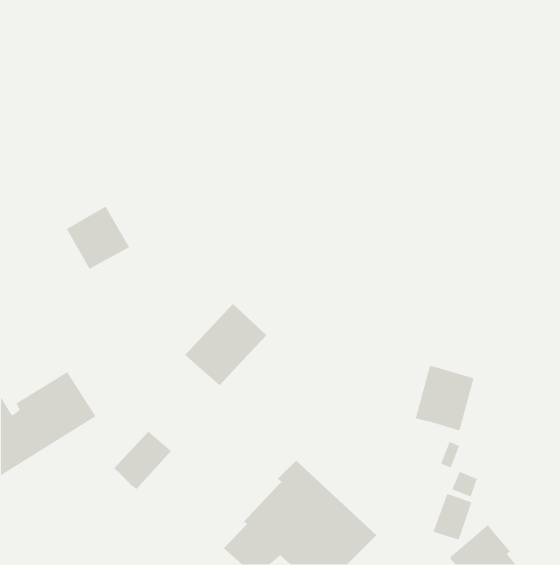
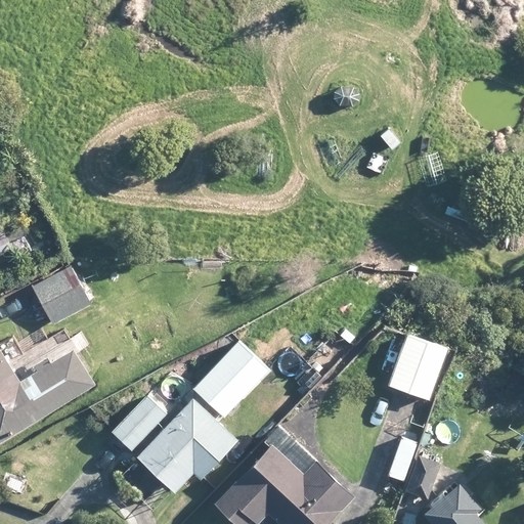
building: [66,205,130,270] -> [33,265,92,324]
building: [184,303,267,386] -> [191,342,268,419]
building: none -> [134,398,235,494]

